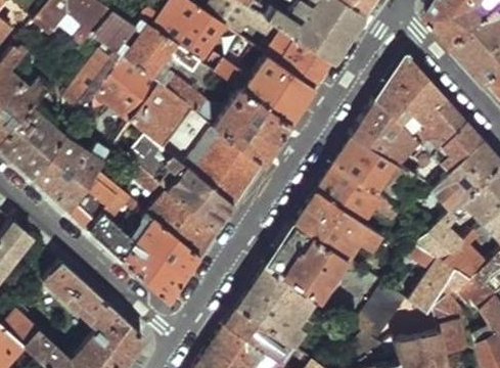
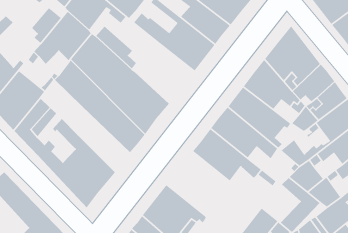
building: [215,88,290,165] -> none
building: [144,176,217,256] -> none
building: [265,222,346,302] -> none

